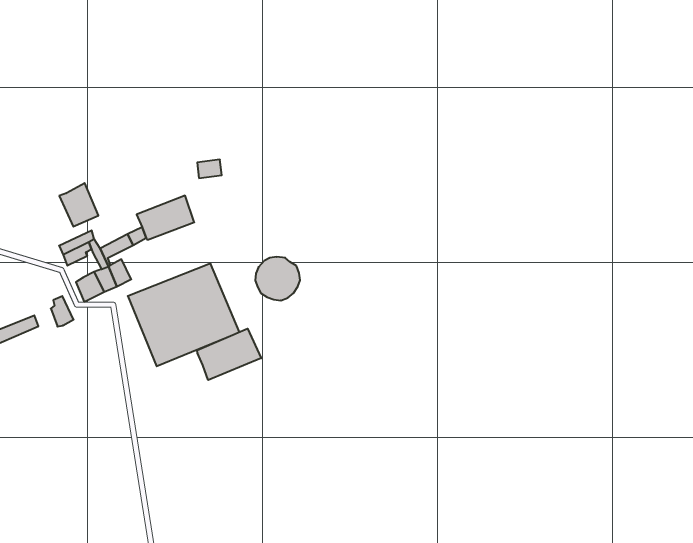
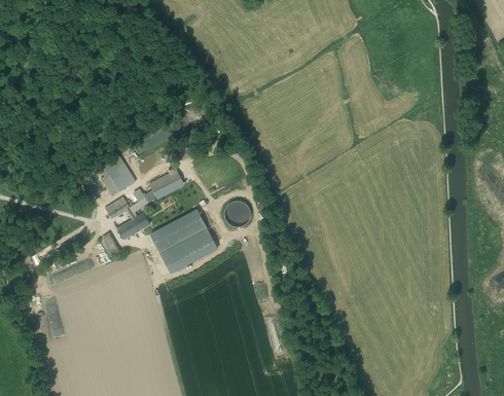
building: none -> [101,155,136,187]
building: [197,329,261,380] -> none

